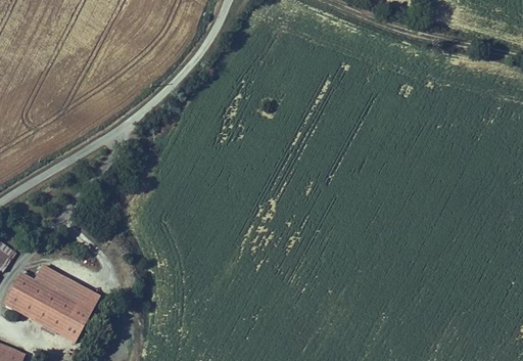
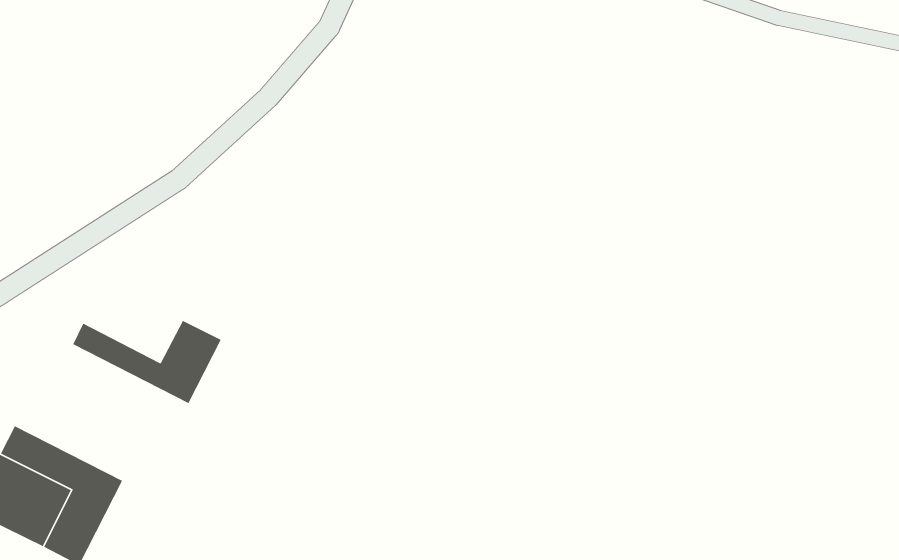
building: none -> [72,320,222,404]

